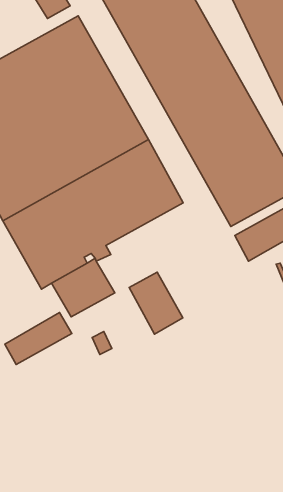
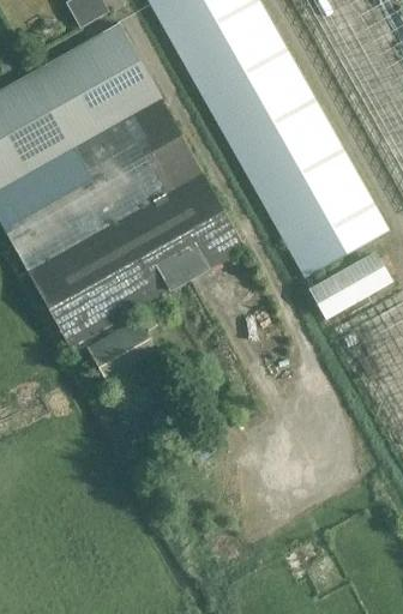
building: [129,272,183,334] -> none
building: [5,313,72,364] -> none

